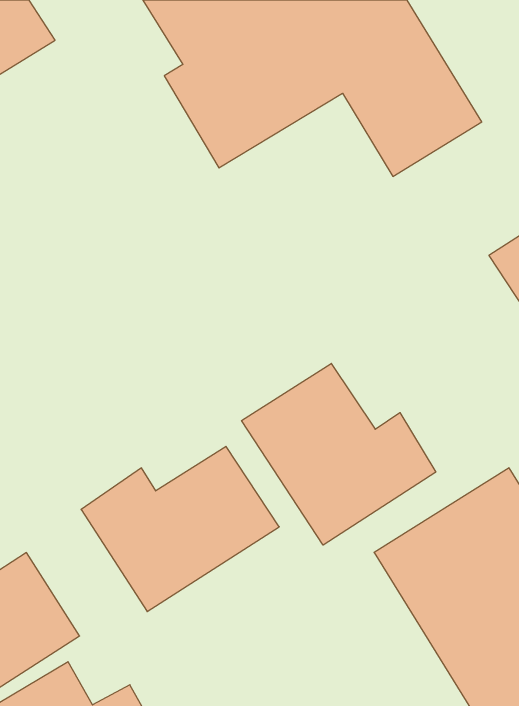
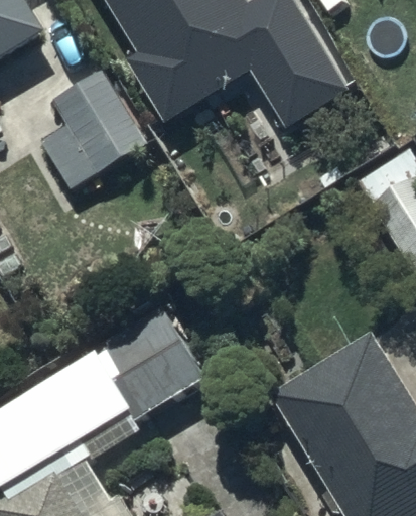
building: none -> [36,67,147,188]
building: [242,363,436,545] -> none

